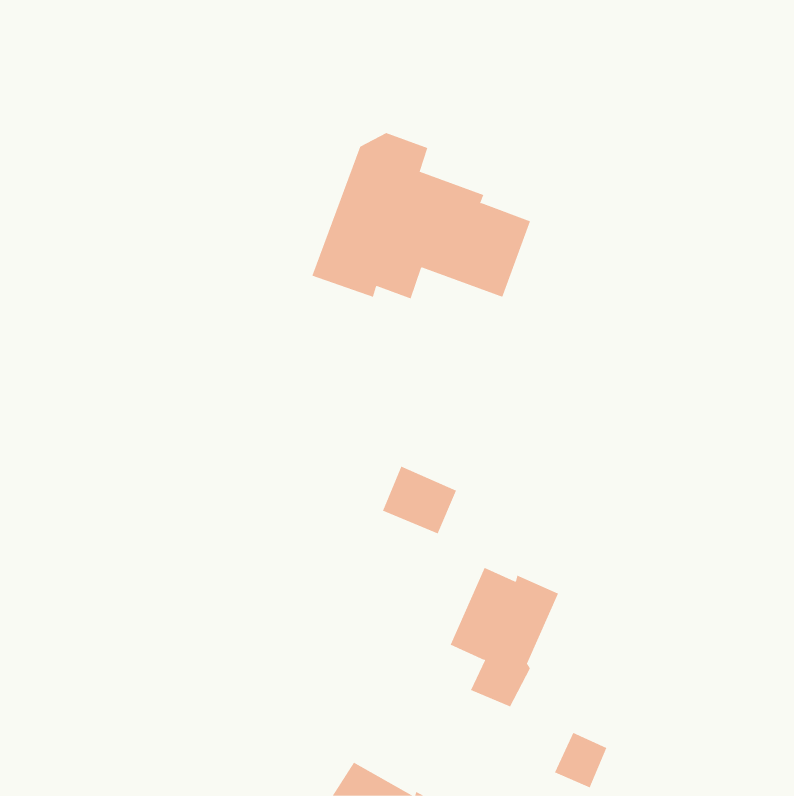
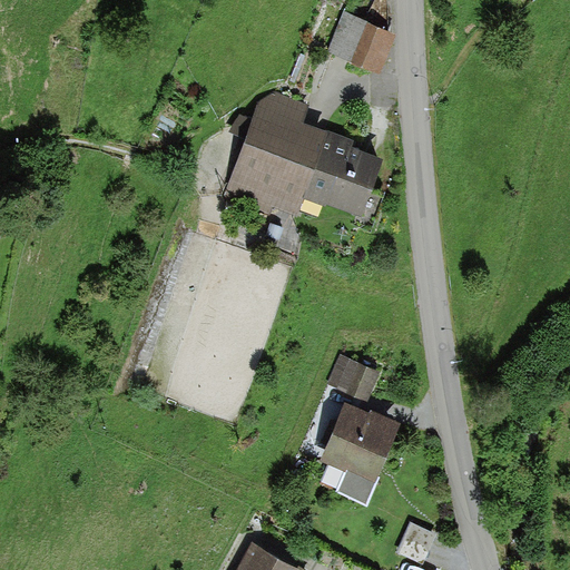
building: none -> [326,12,395,73]
building: [382,466,457,534] -> [325,353,379,402]

